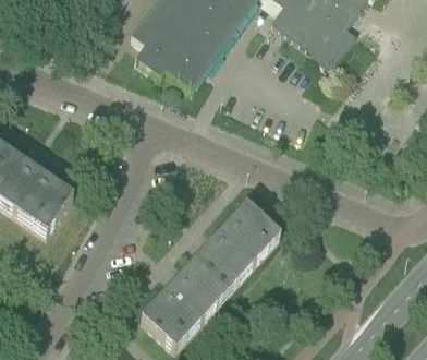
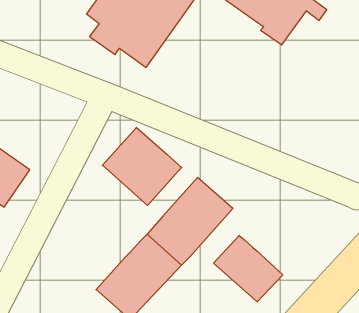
building: none -> [102,127,182,205]
building: none -> [214,235,283,302]

